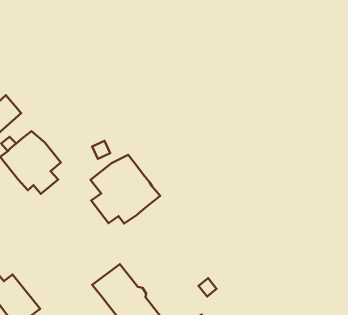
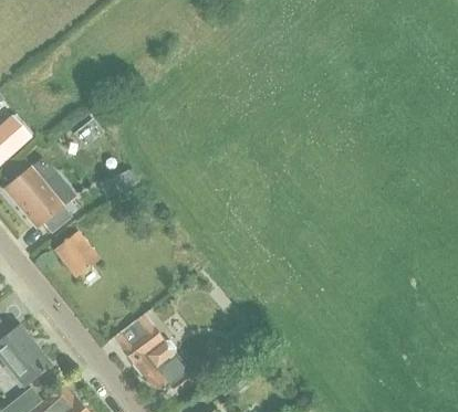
building: [90,155,160,224] -> none
building: none -> [53,230,100,277]

